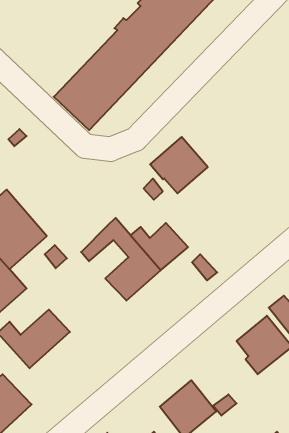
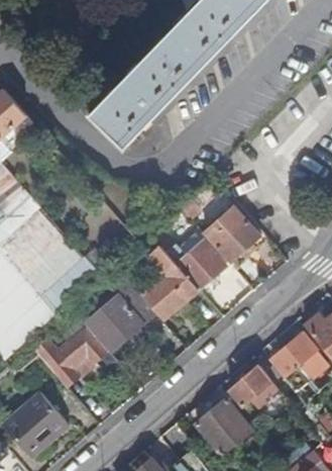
building: [150,137,208,193] -> [201,205,258,262]
building: none -> [83,273,153,352]
building: none -> [228,366,279,407]

